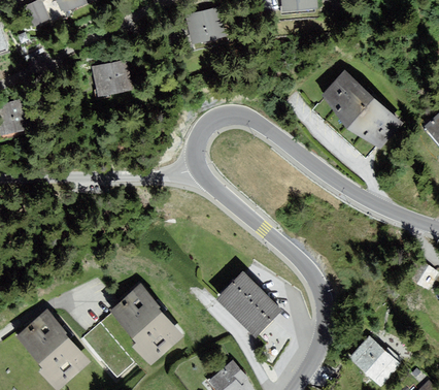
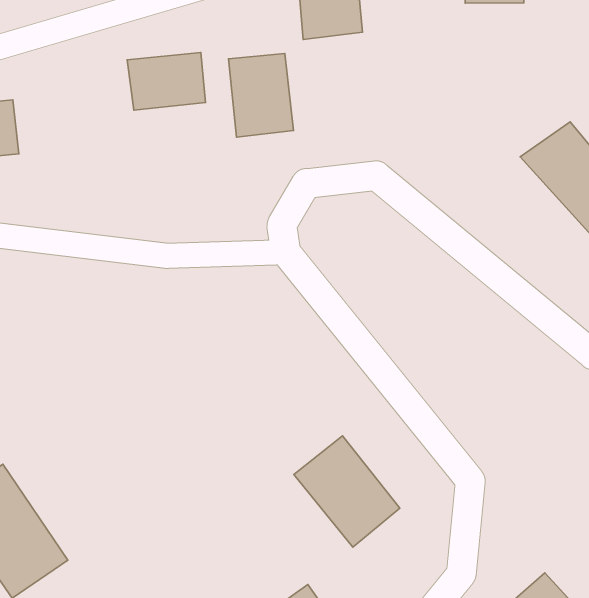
building: none -> [229,53,294,137]
building: [83,286,185,377] -> none

